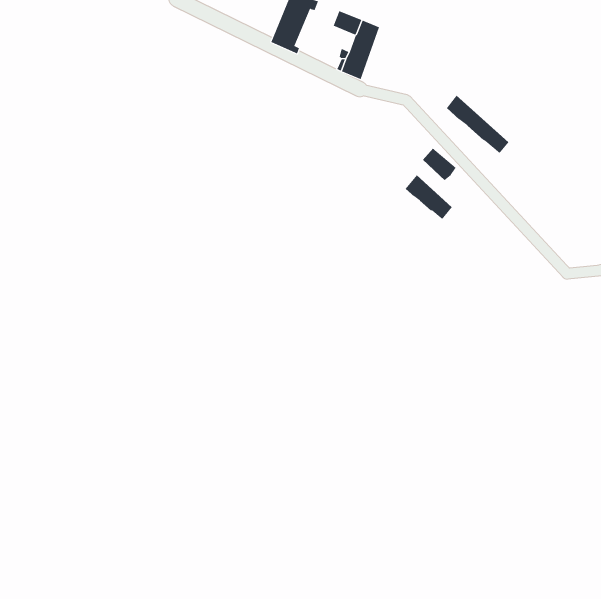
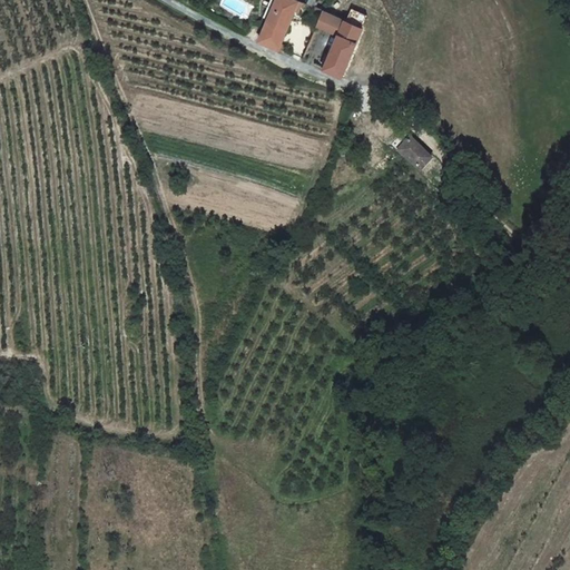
building: [446,95,509,154] -> none
building: [405,175,453,220] -> none

